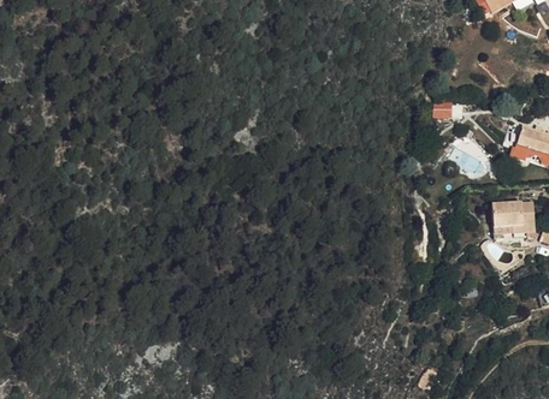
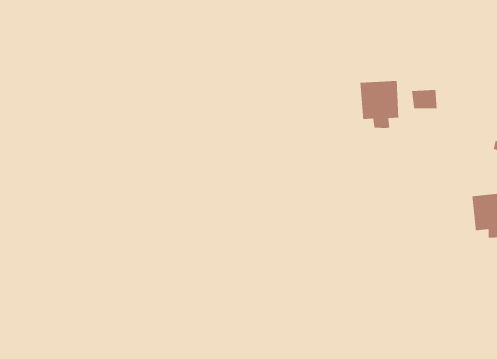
building: none -> [359,80,399,129]

